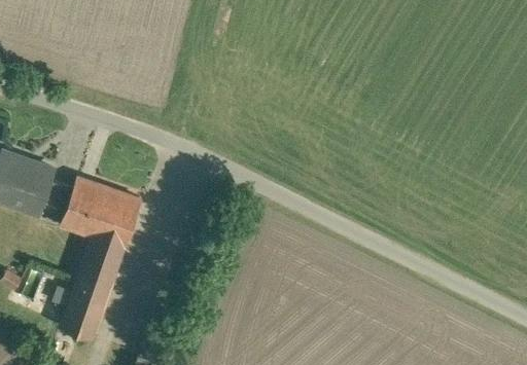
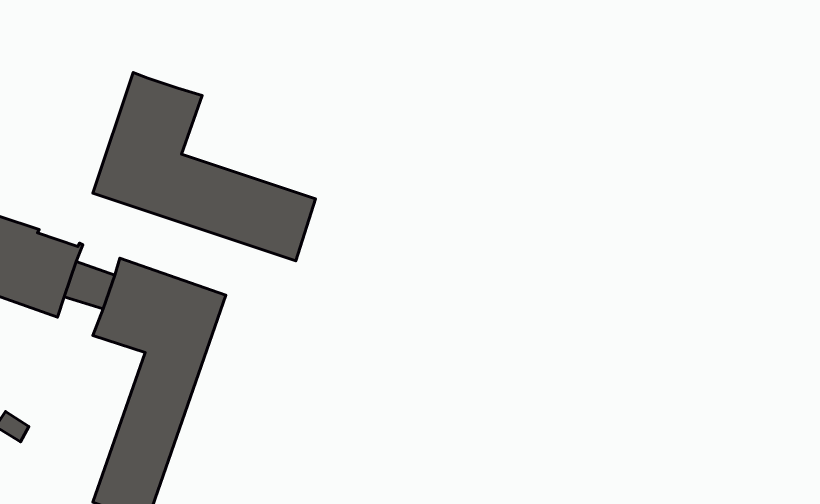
building: none -> [93,73,315,261]

